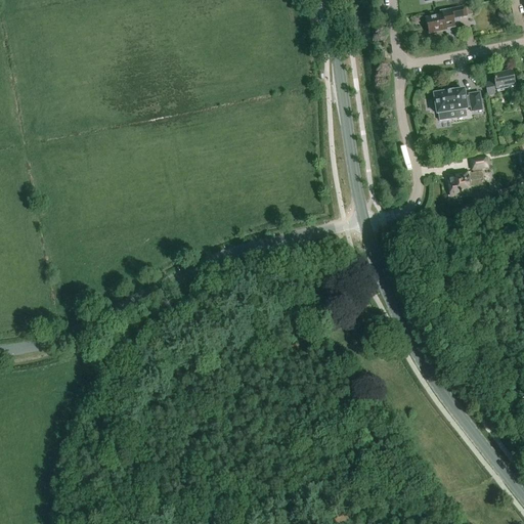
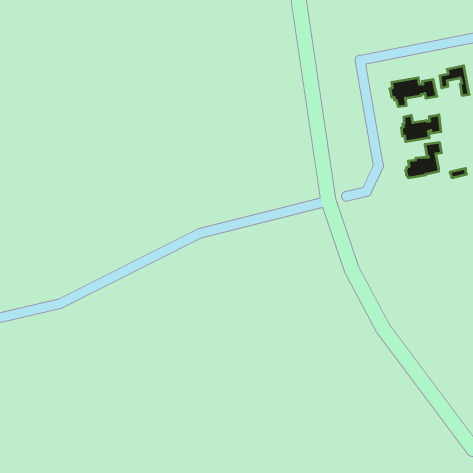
building: [427,7,468,34] -> none
building: none -> [401,115,441,142]

